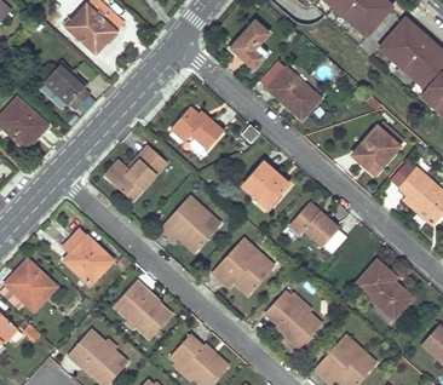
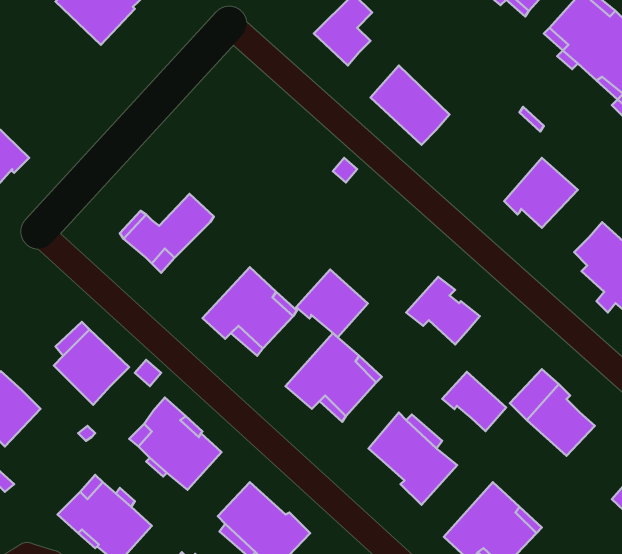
building: [44,64,90,109] -> none
building: [172,107,223,149] -> none
building: [243,161,289,205] -> [296,269,368,337]
building: none -> [442,372,506,431]

